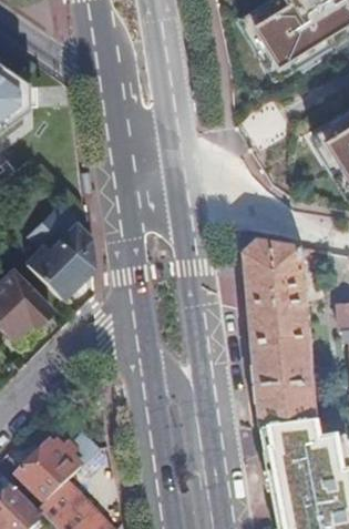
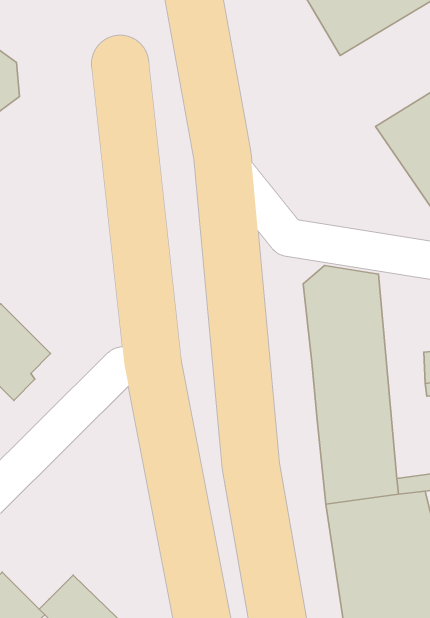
building: [25,210,92,299] -> none
building: [21,441,84,502] -> none

